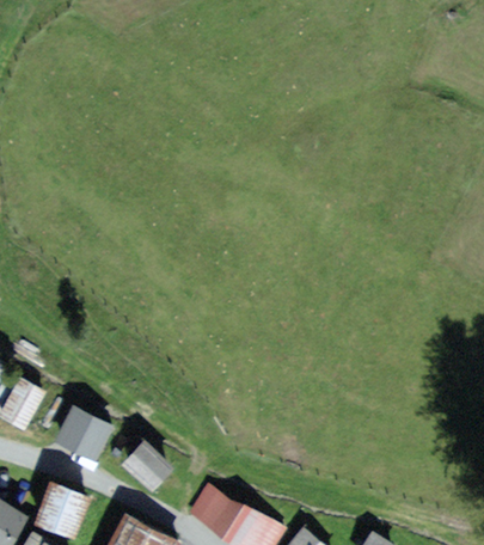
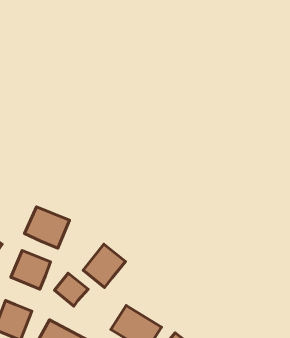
building: none -> [25,207,69,248]
building: none -> [83,244,125,287]

